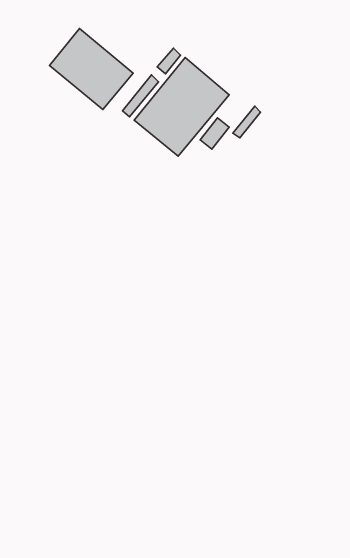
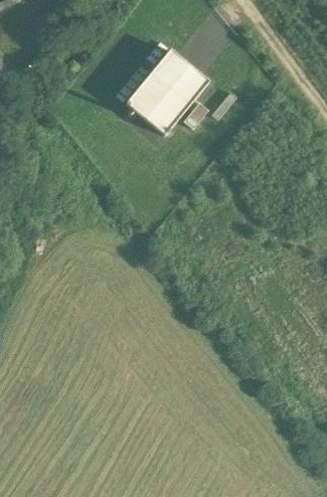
building: [49,28,133,109] -> none

